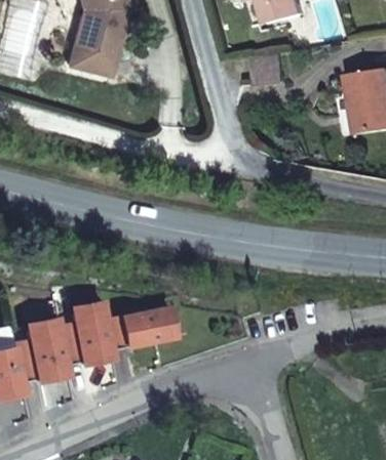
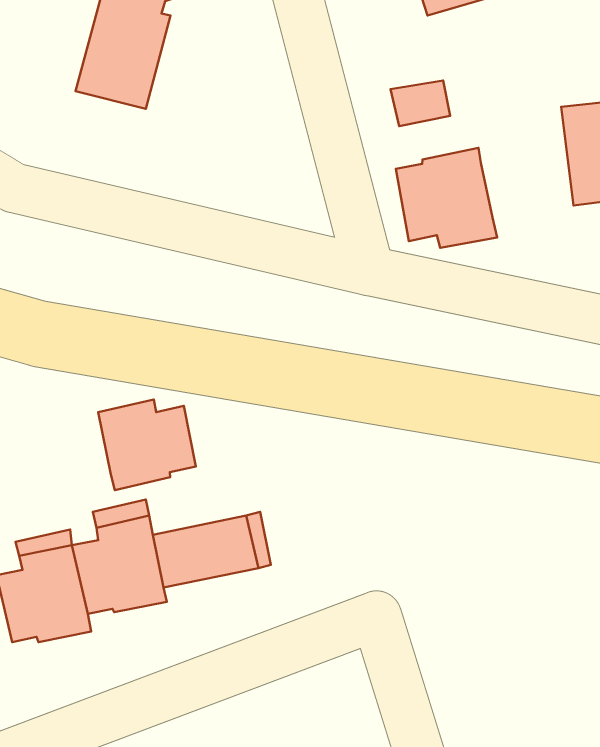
building: none -> [396,148,497,248]
building: none -> [98,399,196,490]

